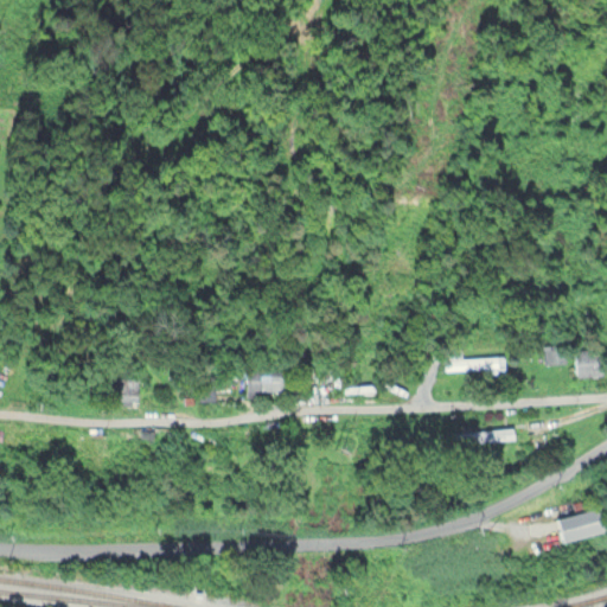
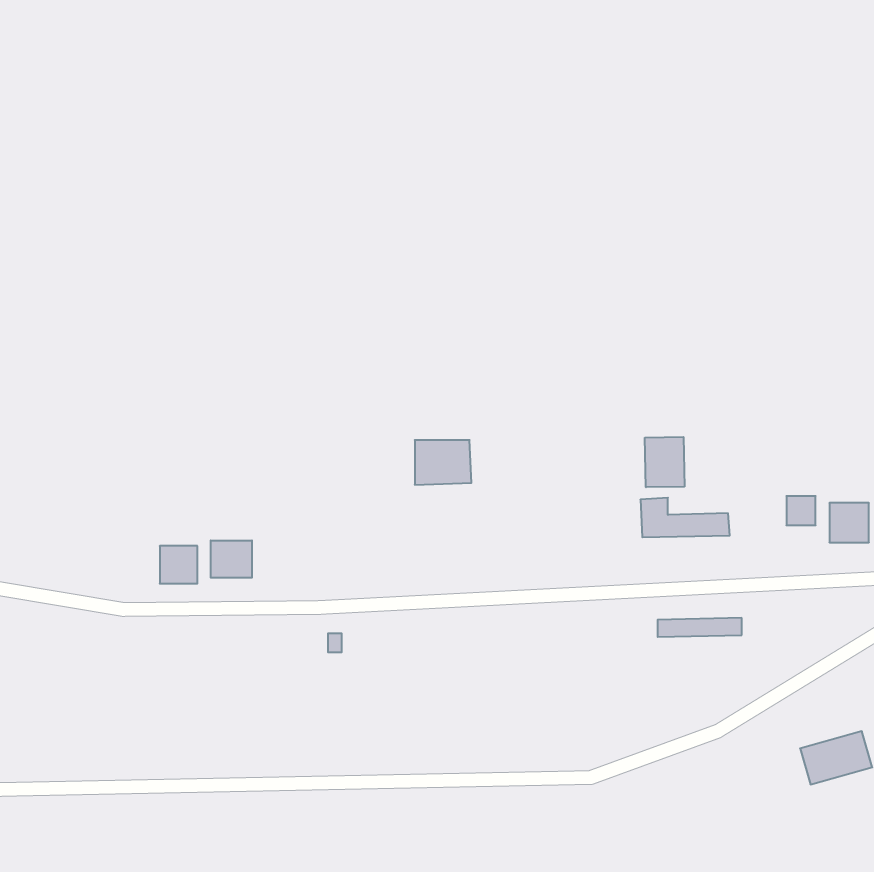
building: none -> [645,437,684,487]
building: [247,368,286,398] -> [415,440,471,485]
building: none -> [211,540,252,578]

